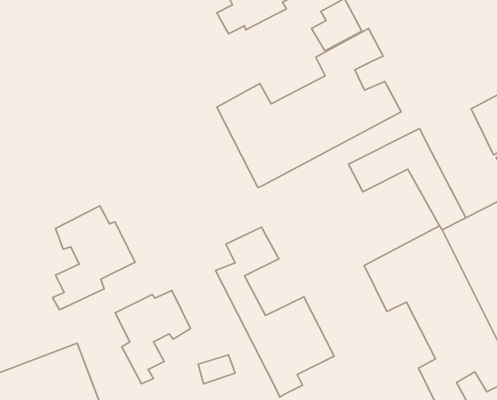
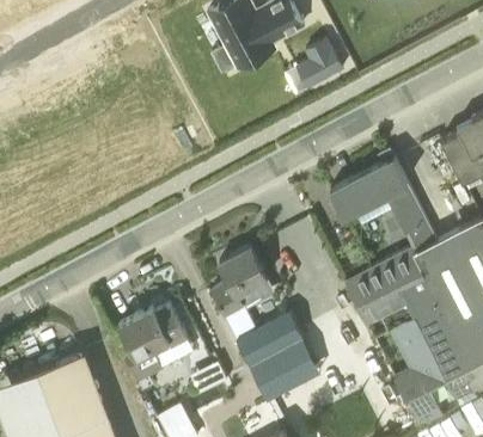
building: [217,28,401,187] -> none
building: [53,206,135,310] -> none

